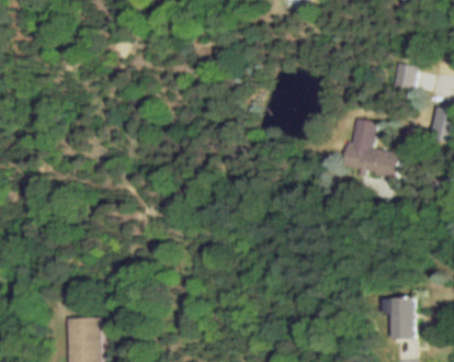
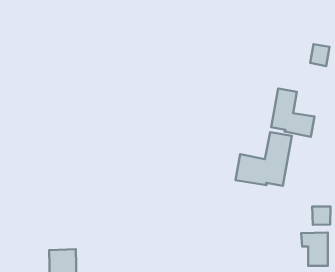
building: none -> [235,132,292,186]
building: none -> [312,206,330,225]

